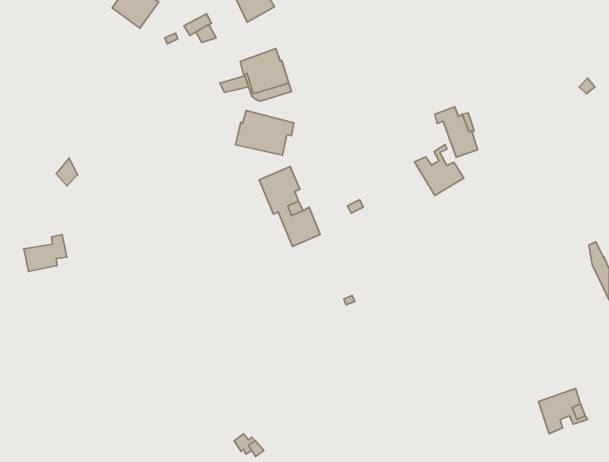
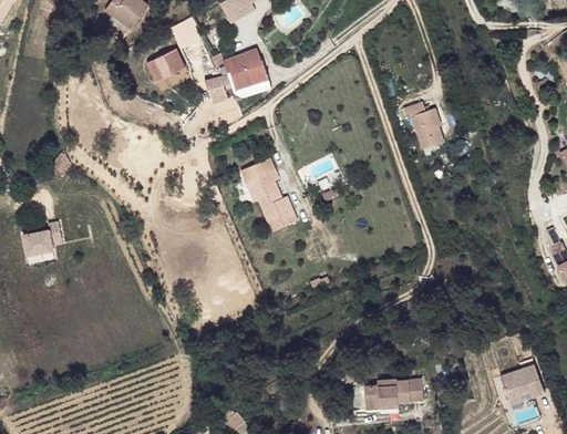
building: none -> [145,49,185,83]
building: [236,110,294,155] -> none
building: [415,144,464,195] -> none
building: none -> [363,379,423,410]

